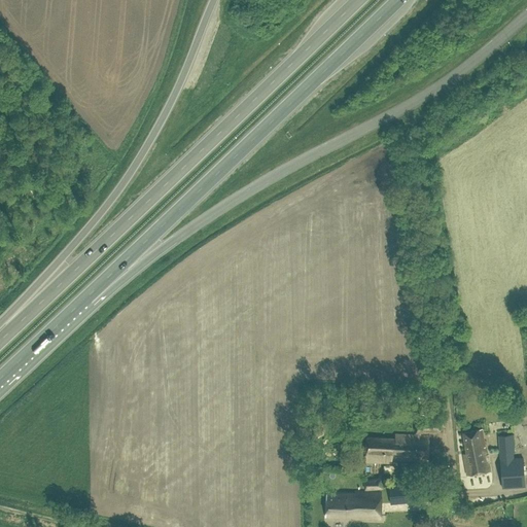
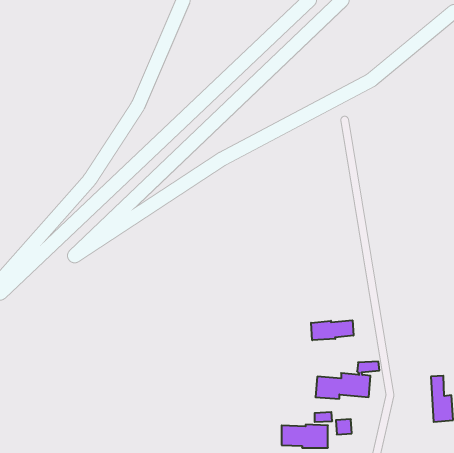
building: none -> [311,320,353,340]
building: [463,431,490,477] -> none

